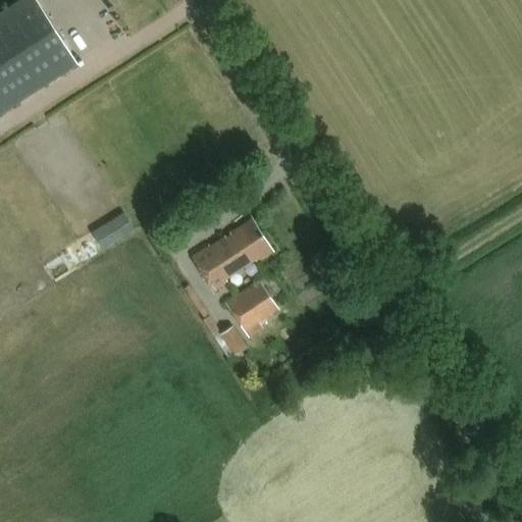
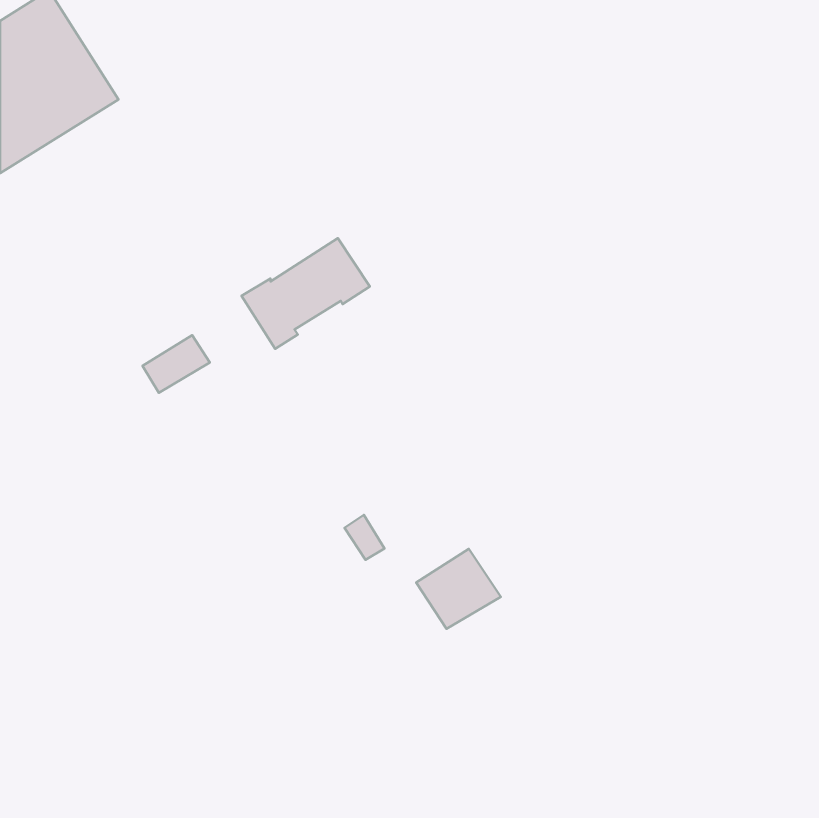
building: [192,221,273,292] -> [242,238,370,349]
building: [225,282,279,333] -> [416,549,501,629]

